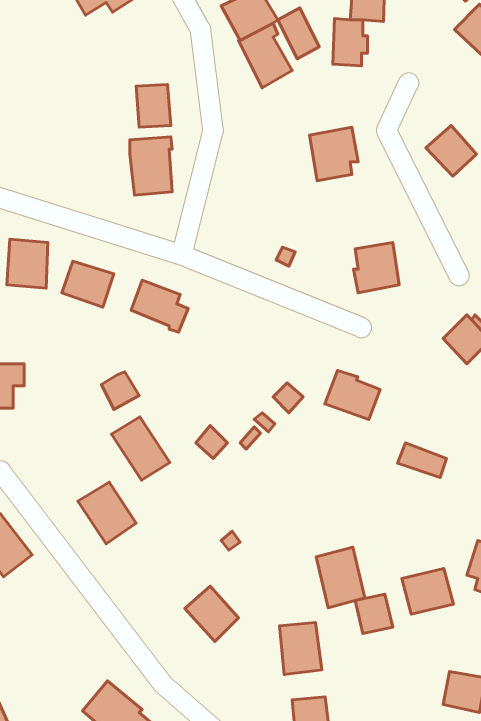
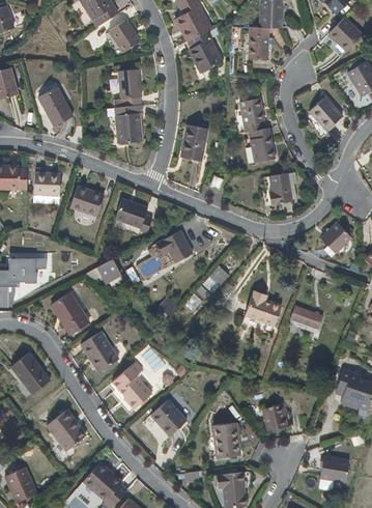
building: none -> [109,19,140,52]
building: [278,8,319,59] -> none
building: none -> [37,86,73,126]
building: none -> [181,124,207,161]
building: none -> [242,128,274,163]
building: none -> [156,230,193,262]
building: [325,371,380,420] -> [245,292,281,324]
building: [112,417,170,480] -> [51,292,89,334]
building: none -> [111,361,150,408]
building: [316,547,365,608] -> none
building: [402,568,453,614] -> none
building: none -> [46,408,86,449]

